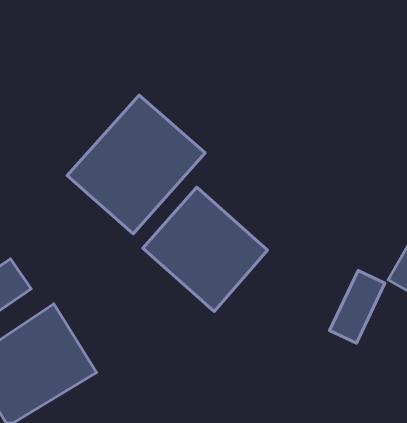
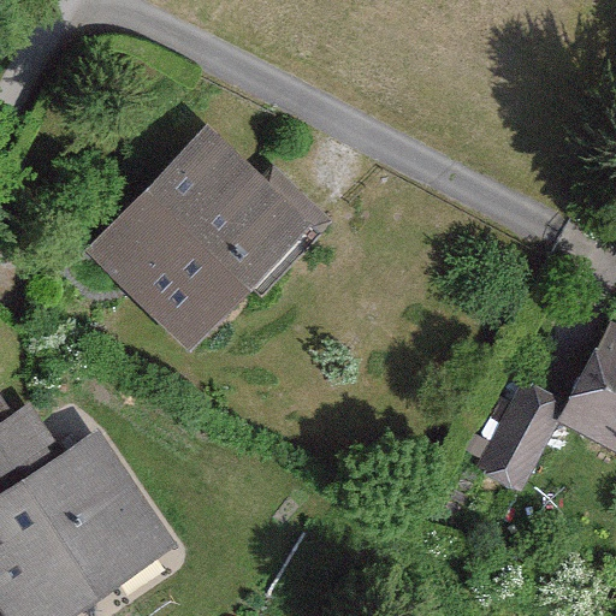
building: [143,187,268,311] -> none

